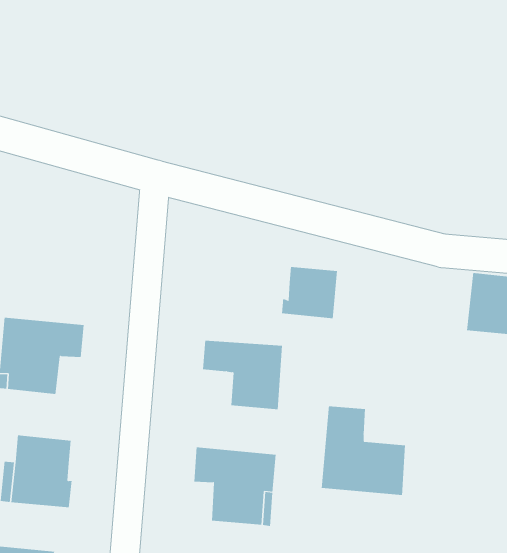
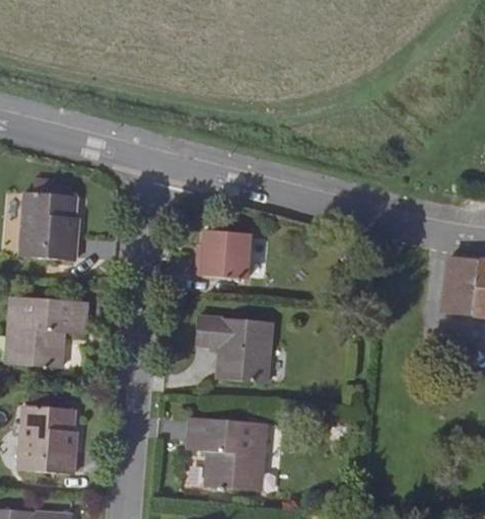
building: none -> [20,193,77,261]
building: [281,267,338,319] -> [197,231,250,280]
building: [321,406,406,496] -> none

